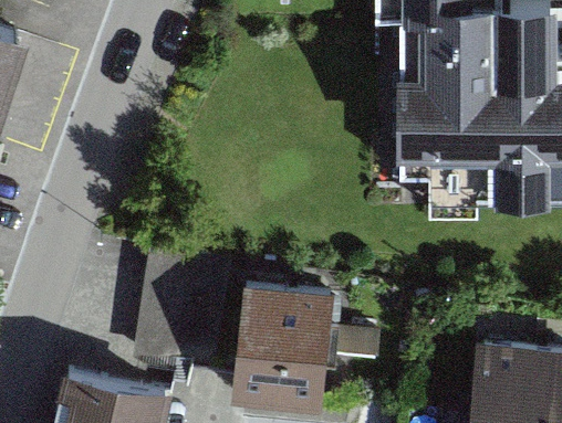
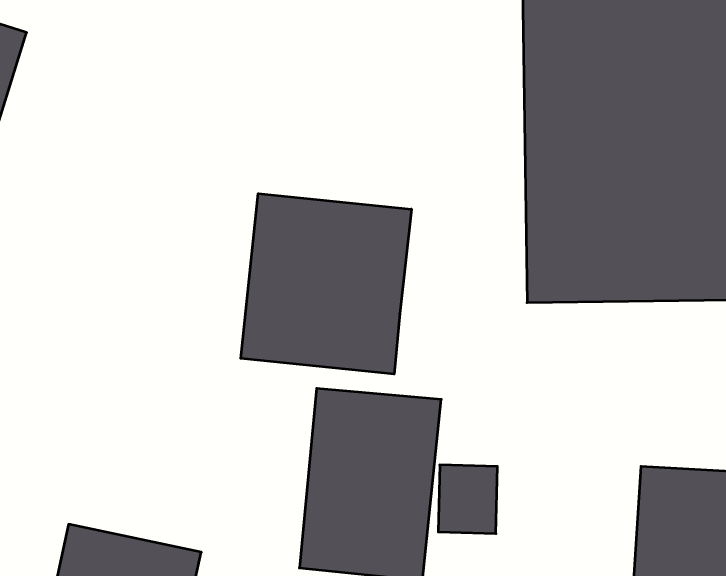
building: none -> [241,194,411,374]

